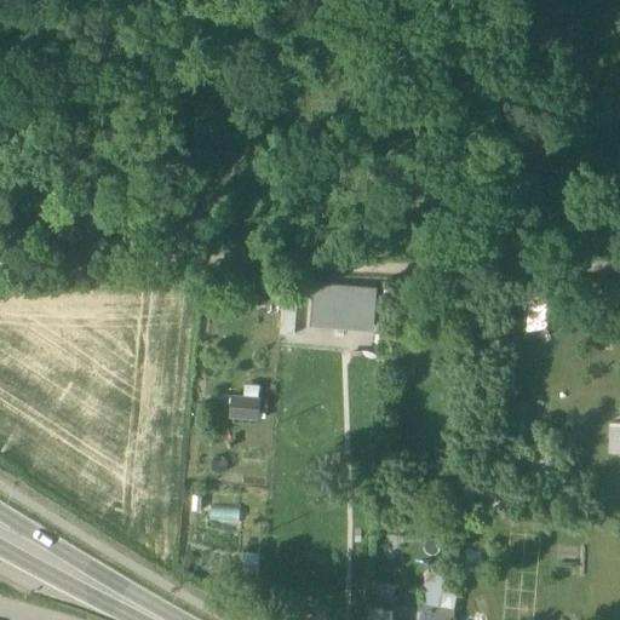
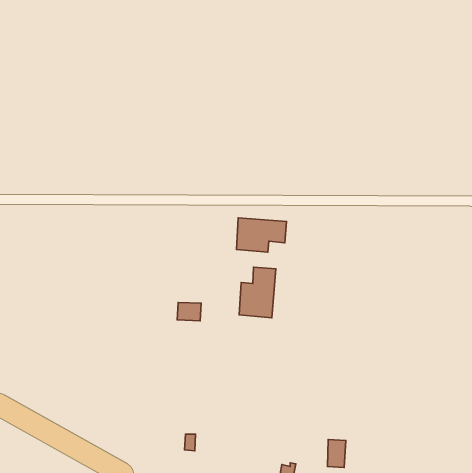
building: none -> [239,267,276,318]

